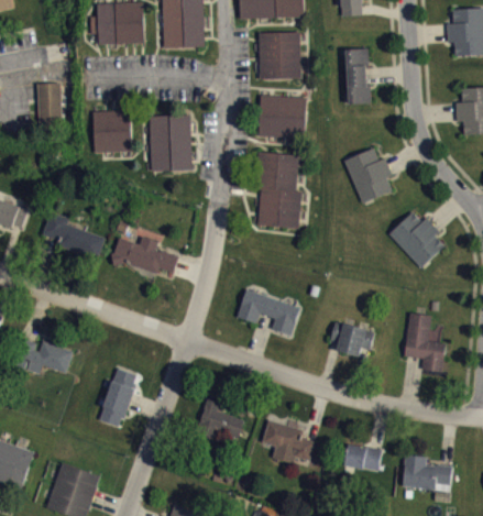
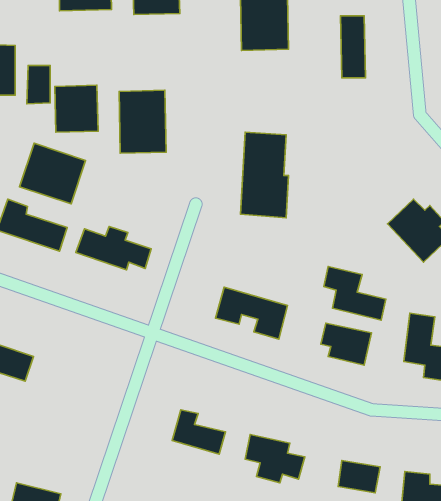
building: none -> [27,66,50,104]
building: [257,95,306,138] -> none
building: [344,147,392,202] -> none
building: none -> [20,143,86,204]
building: none -> [324,267,386,320]
building: [97,367,136,428] -> none

